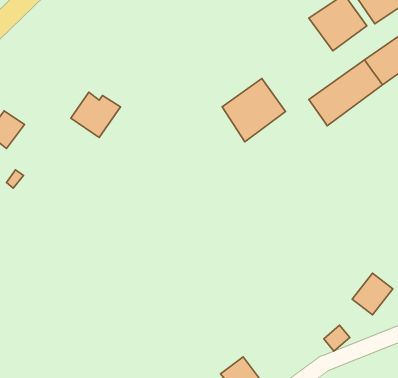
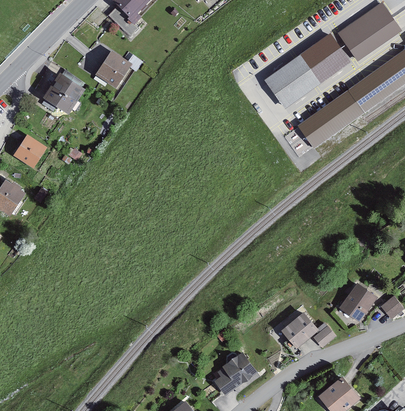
building: none -> [95,54,128,87]
building: [222,78,286,142] -> [264,53,320,109]
building: [71,92,121,138] -> [46,74,90,114]
building: none -> [281,313,317,348]

